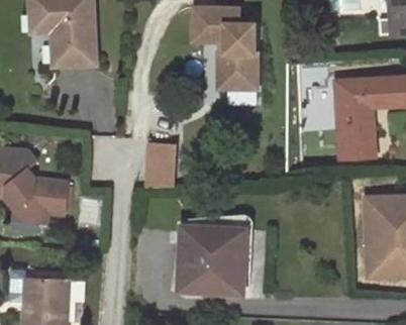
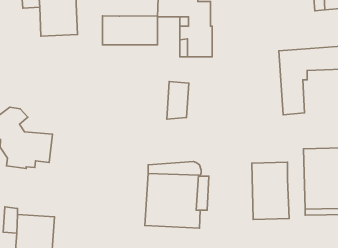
building: none -> [103,16,158,45]
building: [145,145,172,190] -> [167,82,189,119]
building: none -> [252,162,289,219]

